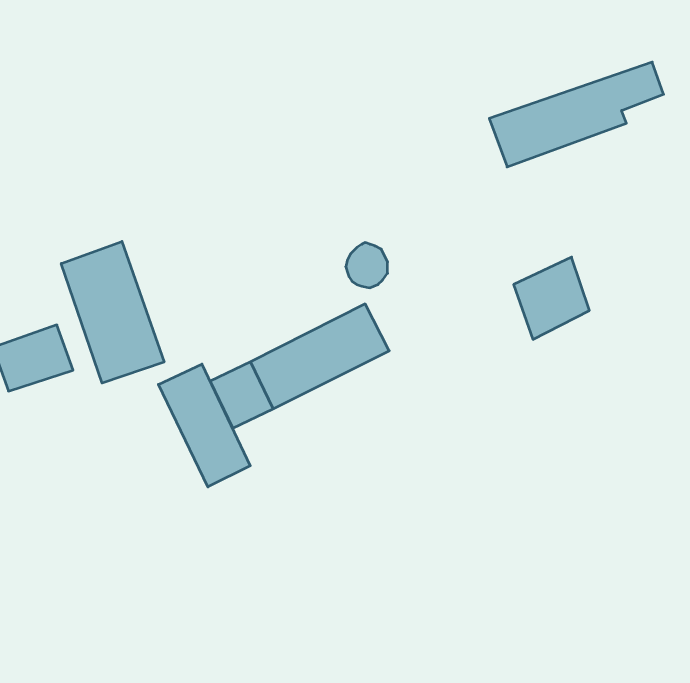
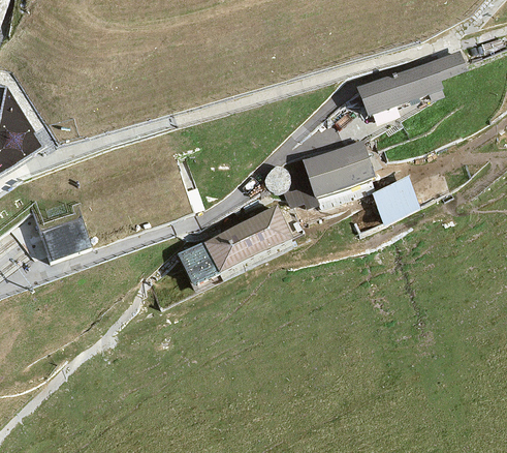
building: none -> [302,142,375,199]
building: [61,241,164,383] -> none
building: [158,364,250,487] -> none

